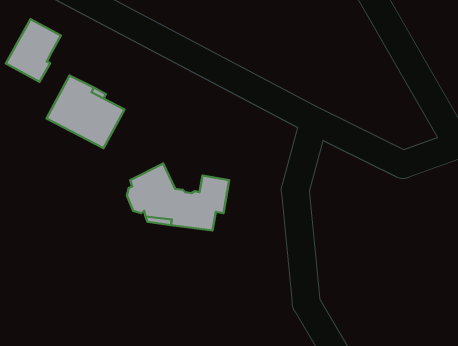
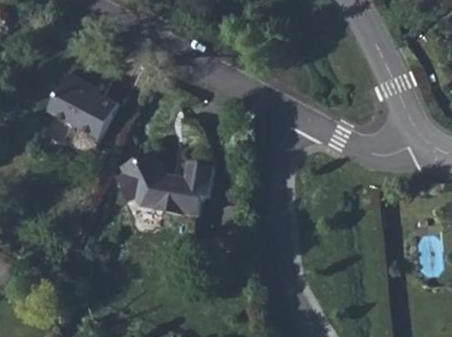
building: [6,19,61,82] -> none

